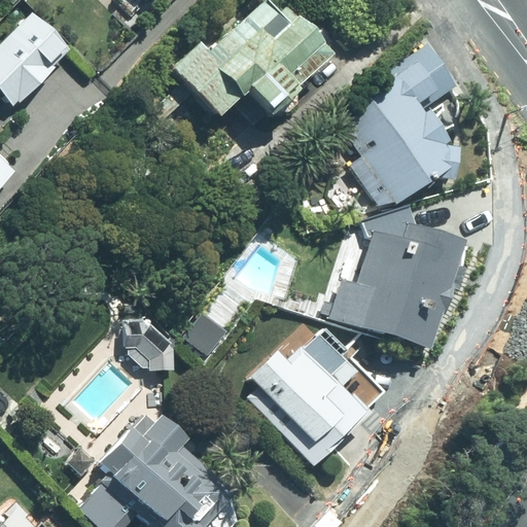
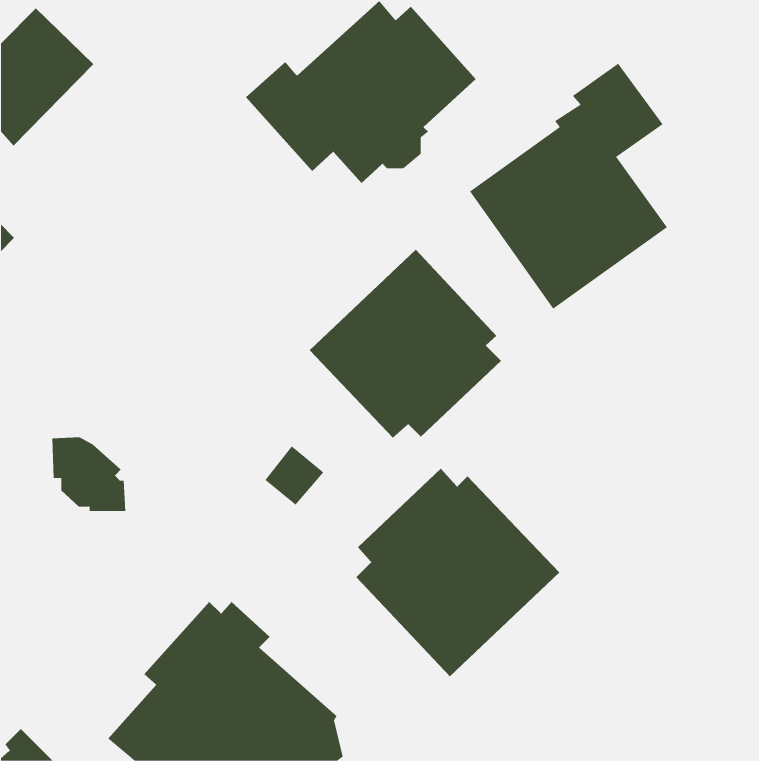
building: none -> [309,249,502,439]
building: [330,222,465,349] -> none
building: [125,319,176,371] -> [51,437,126,511]

